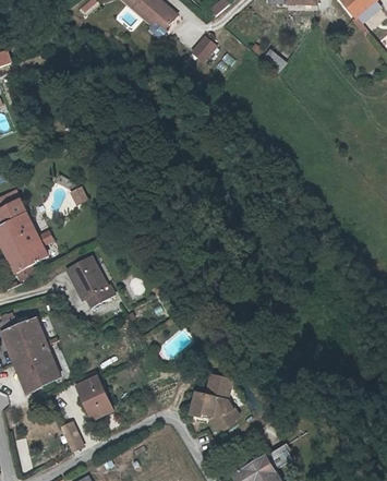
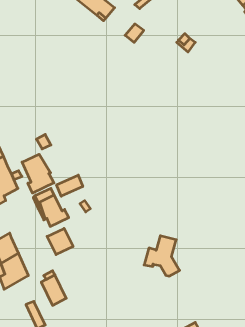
building: none -> [22,154,54,193]
building: none -> [57,175,83,196]
building: none -> [47,228,73,255]
building: [186,373,234,428] -> [144,236,180,276]

